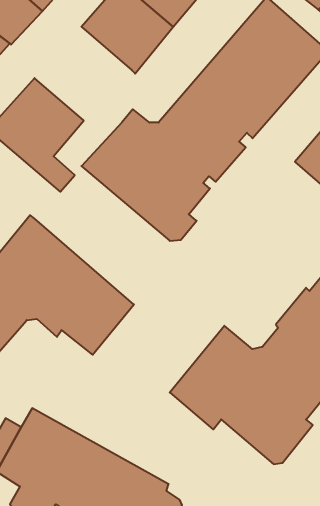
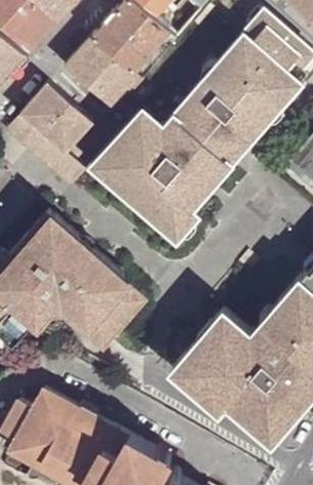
building: none -> [64,39,139,110]

